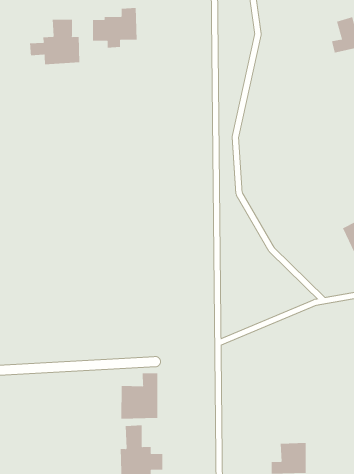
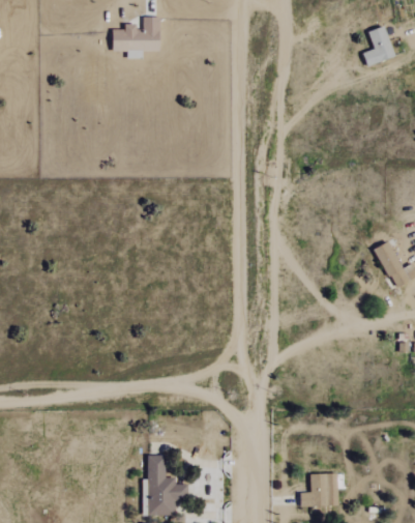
building: [30,19,80,65] -> none
building: [121,372,158,420] -> none

